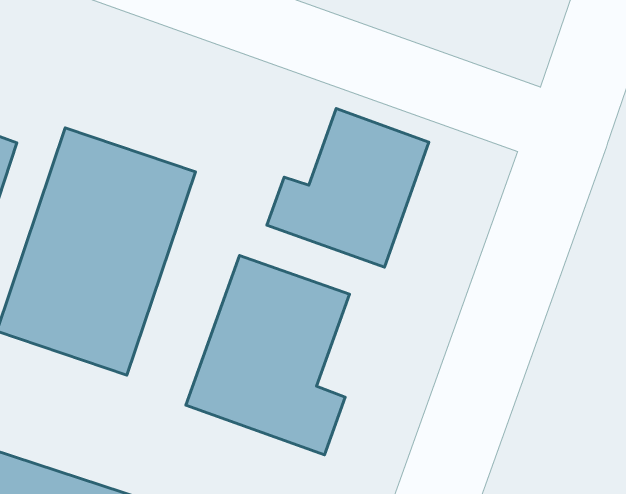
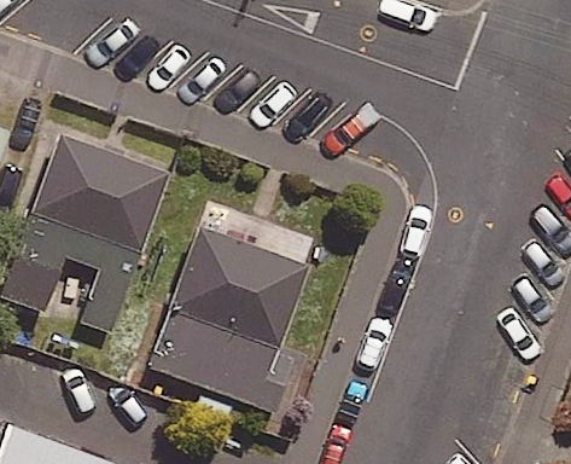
building: [267,109,429,267] -> none

